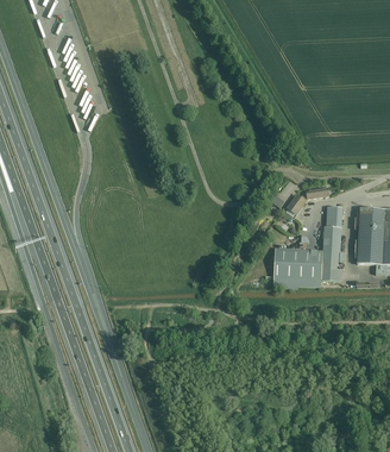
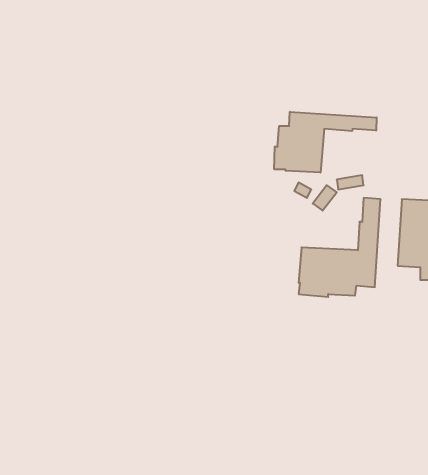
building: none -> [274,112,377,173]

